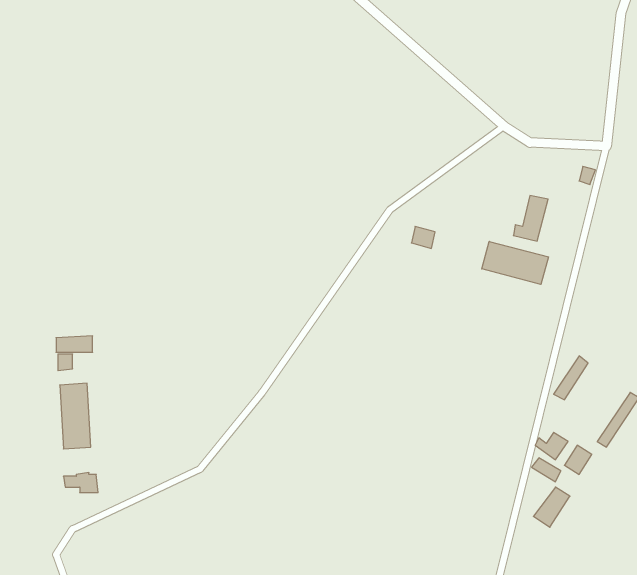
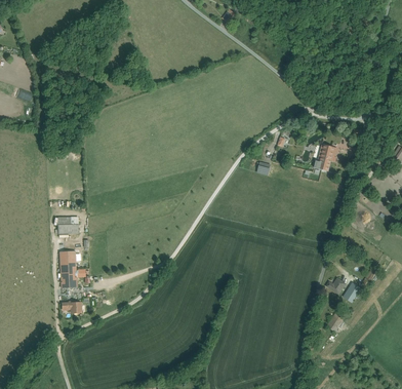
building: [482,241,548,284] -> none

